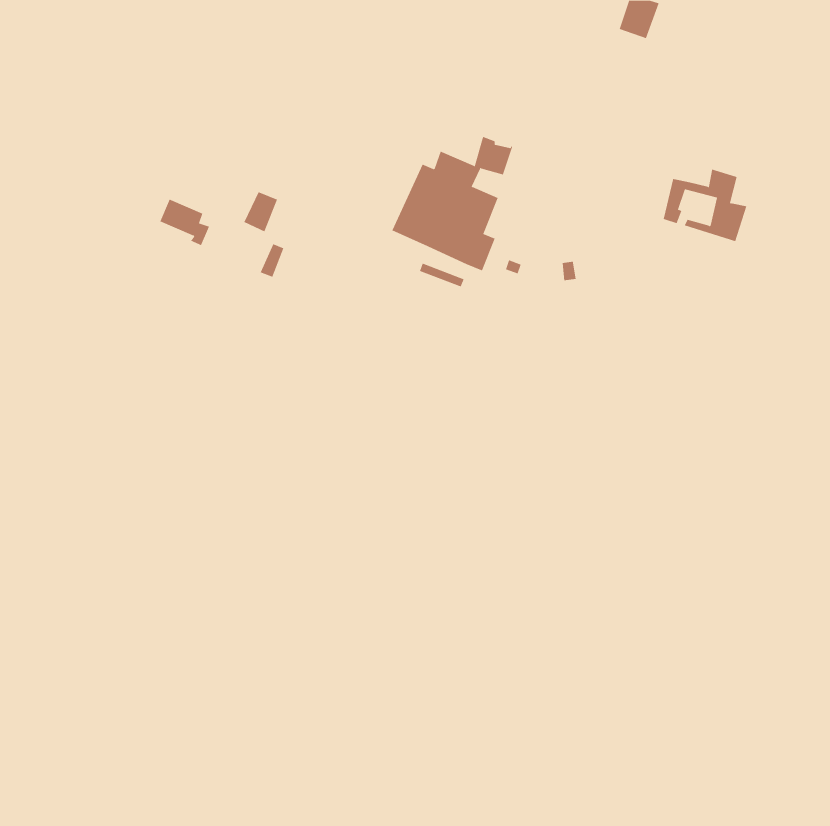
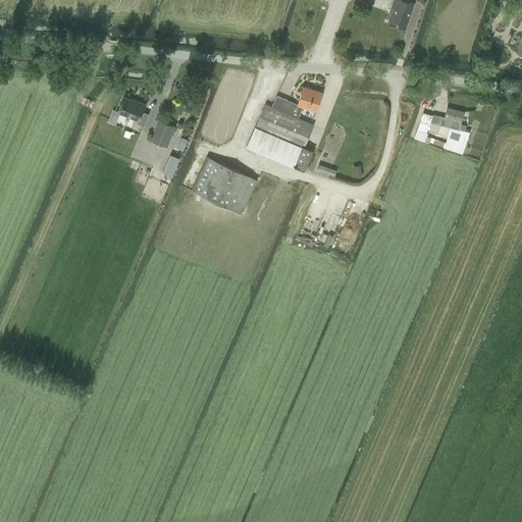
building: [159,199,210,246] -> [117,98,149,127]
building: none -> [191,157,256,215]

